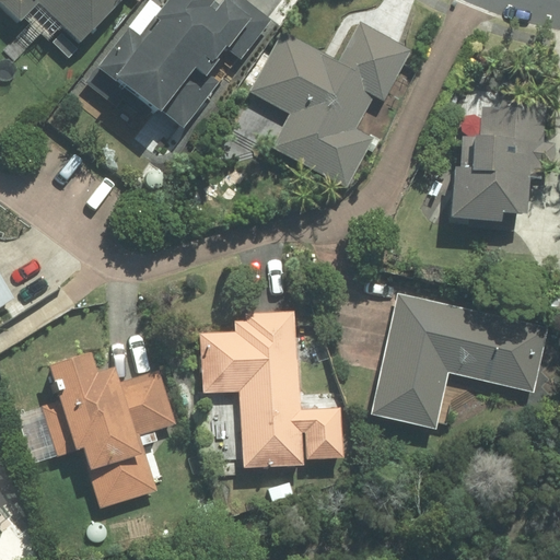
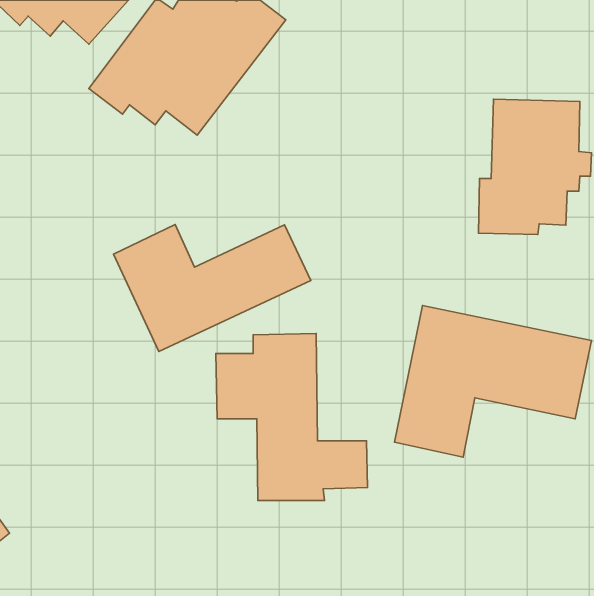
building: [247,22,410,187] -> none
building: none -> [113,225,311,352]
building: [14,353,180,512] -> none

